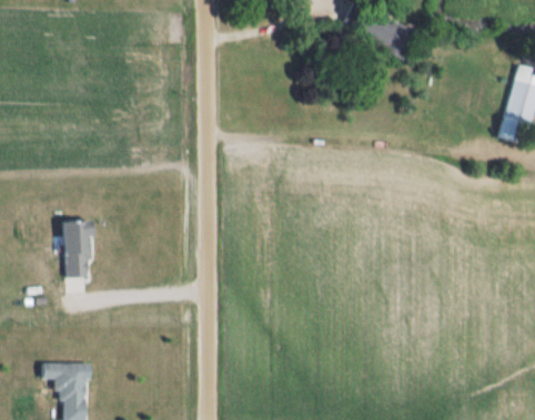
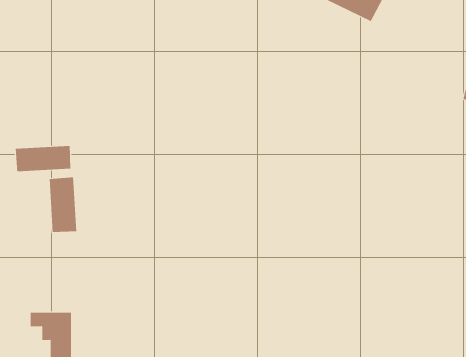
building: none -> [15,145,71,172]

